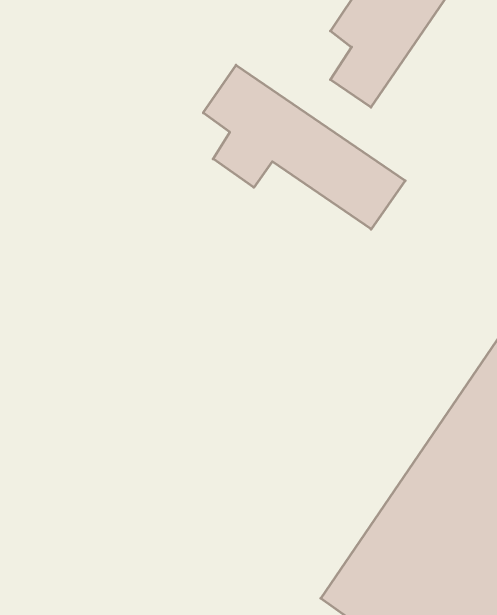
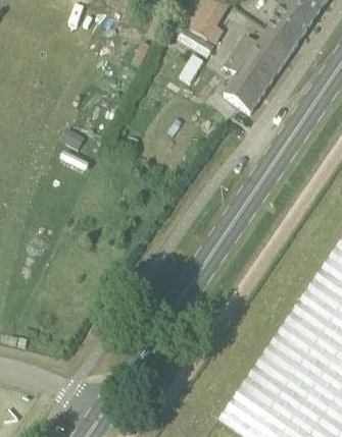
building: [203,65,405,229] -> none

